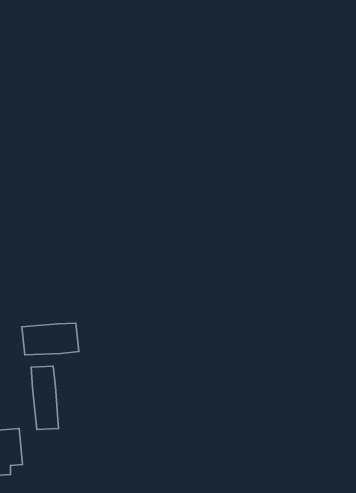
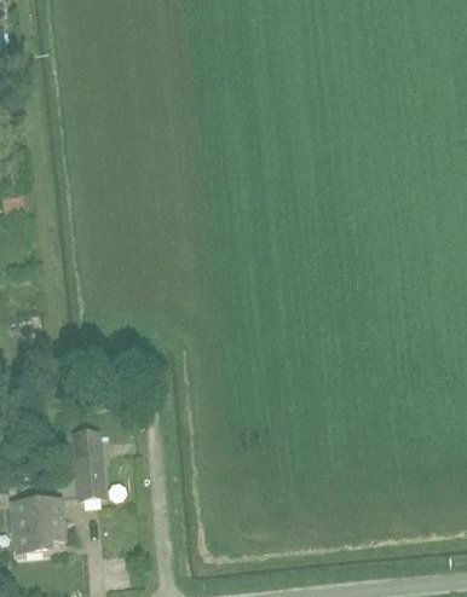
building: [22,323,79,355] -> none

